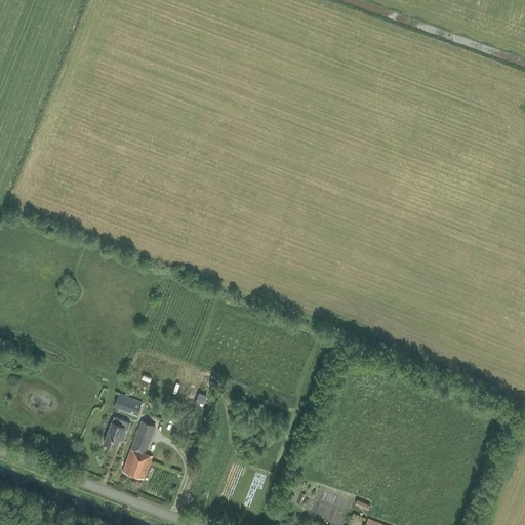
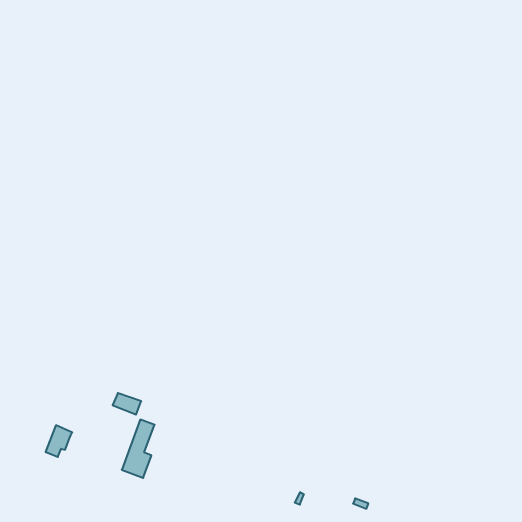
building: [103,417,129,449] -> [46,425,72,457]

